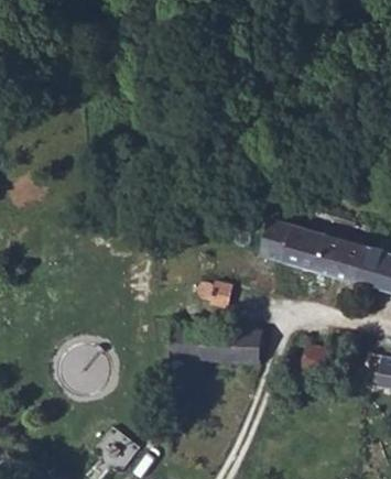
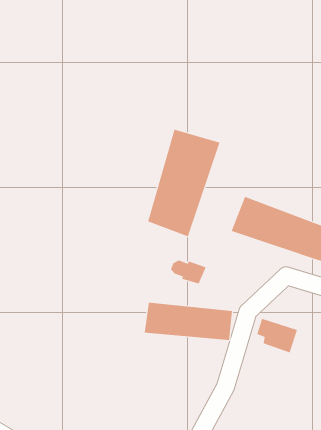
building: none -> [147,129,220,237]

